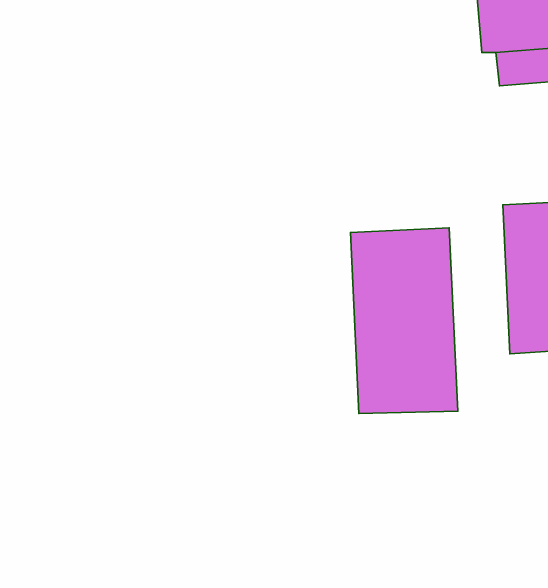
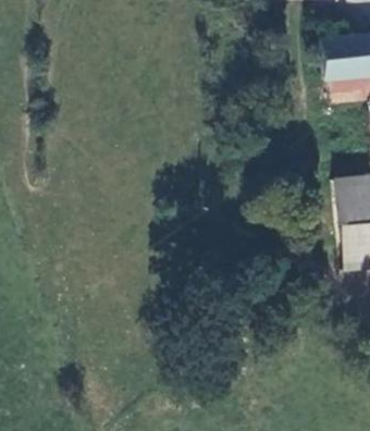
building: [350,228,458,414] -> none

